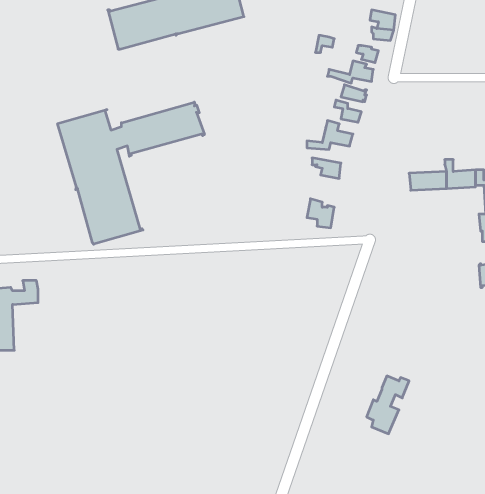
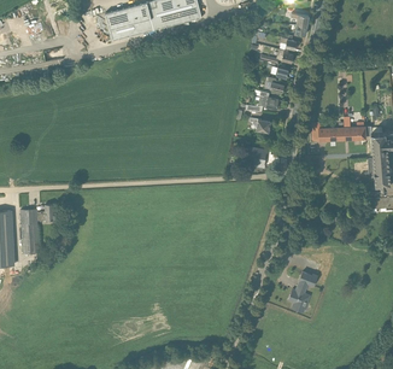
building: [58,102,204,244] -> none

